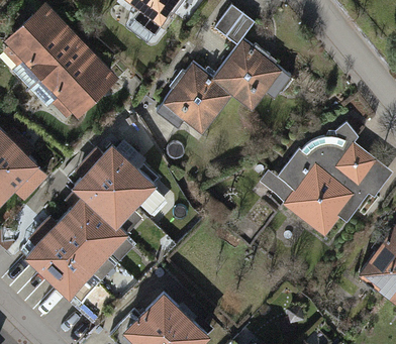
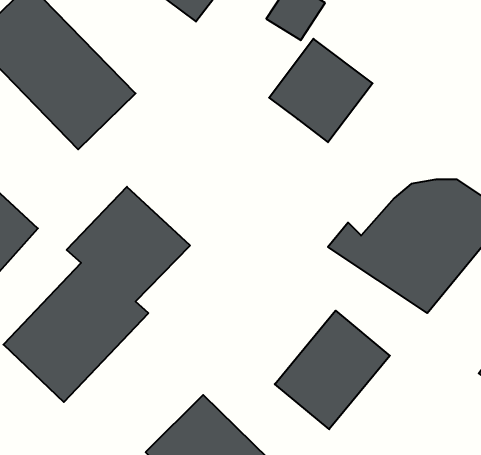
building: [156,65,233,135] -> none
building: none -> [275,311,390,429]

